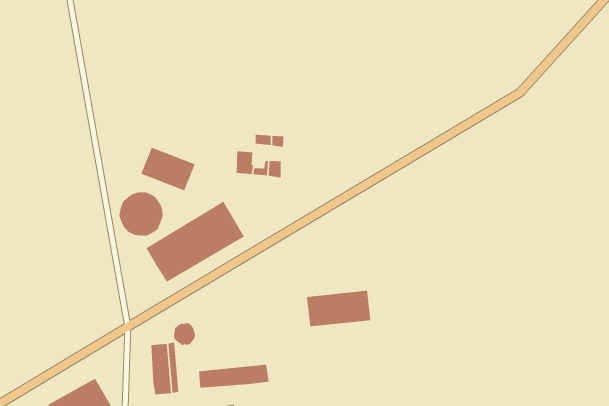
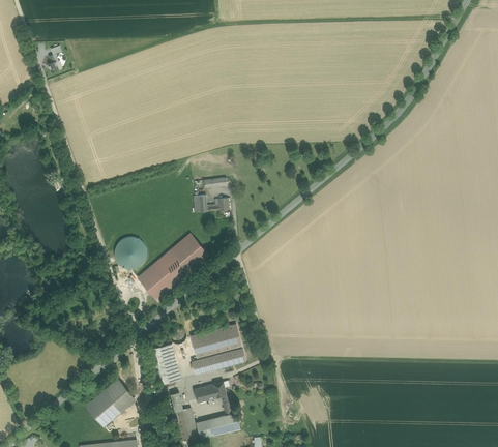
building: [141,147,196,191] -> none
building: [306,290,371,327] -> [191,324,241,358]

